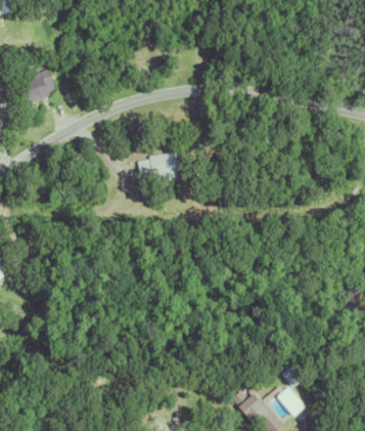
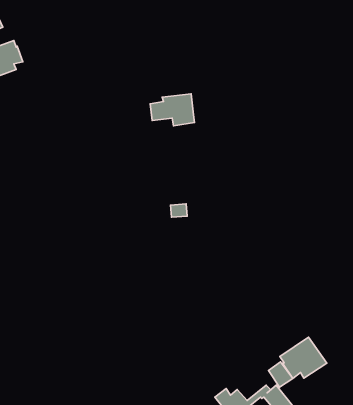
building: [139,153,180,182] -> [150,94,195,126]
building: none -> [280,337,327,379]

